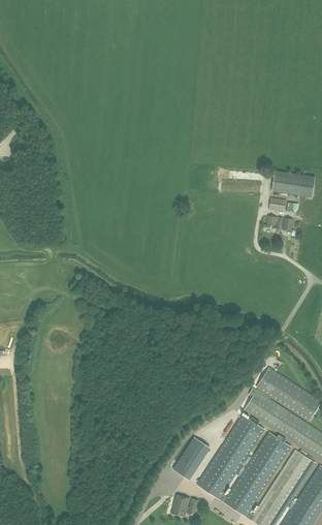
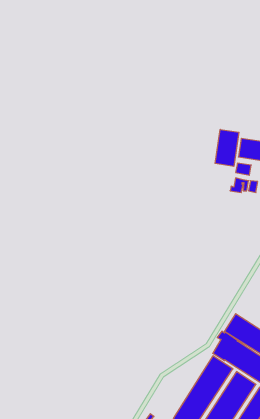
building: none -> [215,129,239,166]
building: [172,436,210,478] -> none

